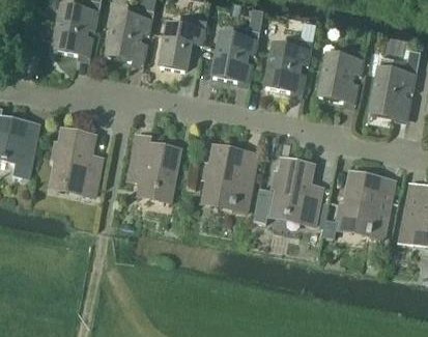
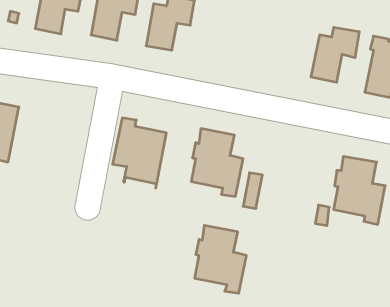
building: [212,27,259,80] -> none
building: [265,37,312,90] -> none
building: [50,129,102,195] -> none
building: [272,159,321,224] -> [195,225,246,293]

